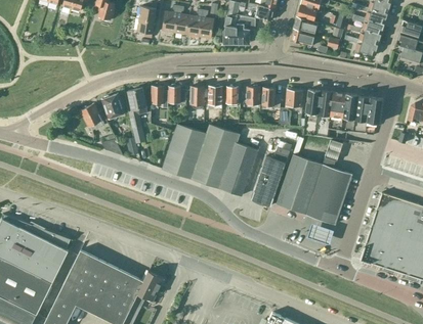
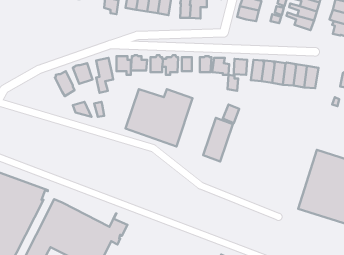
building: [220,130,256,195] -> none
building: [277,154,350,224] -> none

